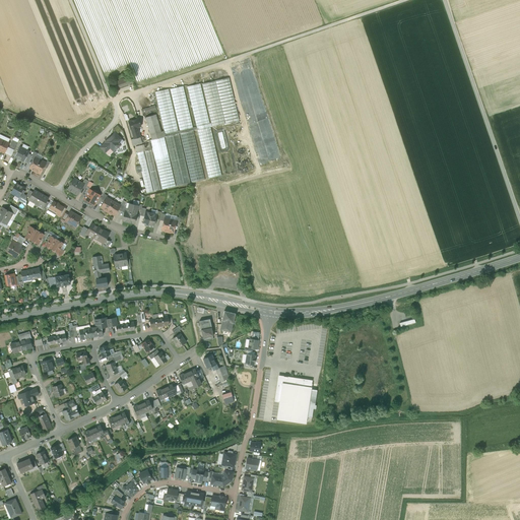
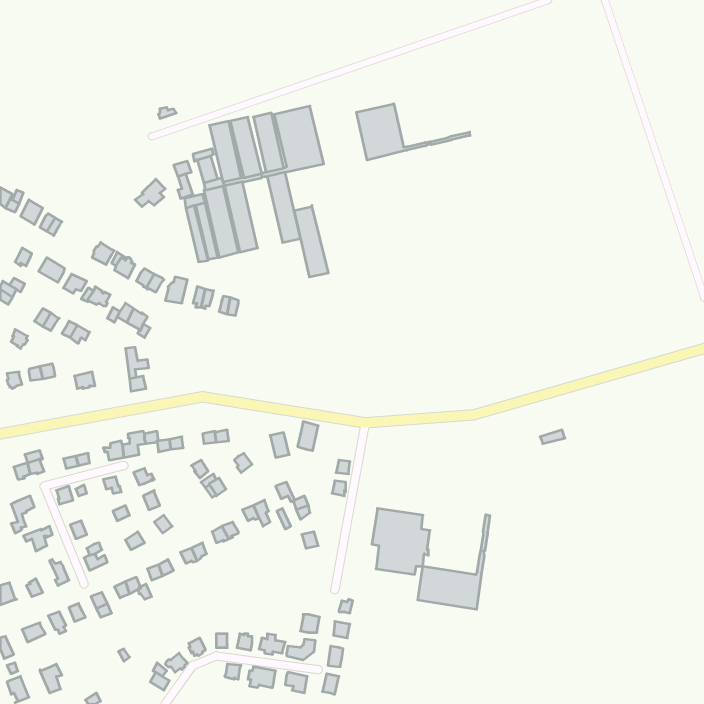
building: none -> [356,104,470,160]
building: [180,130,205,183] -> [294,205,328,277]
building: none -> [418,515,490,609]

